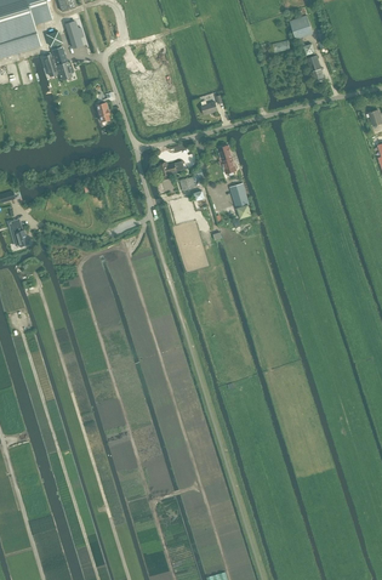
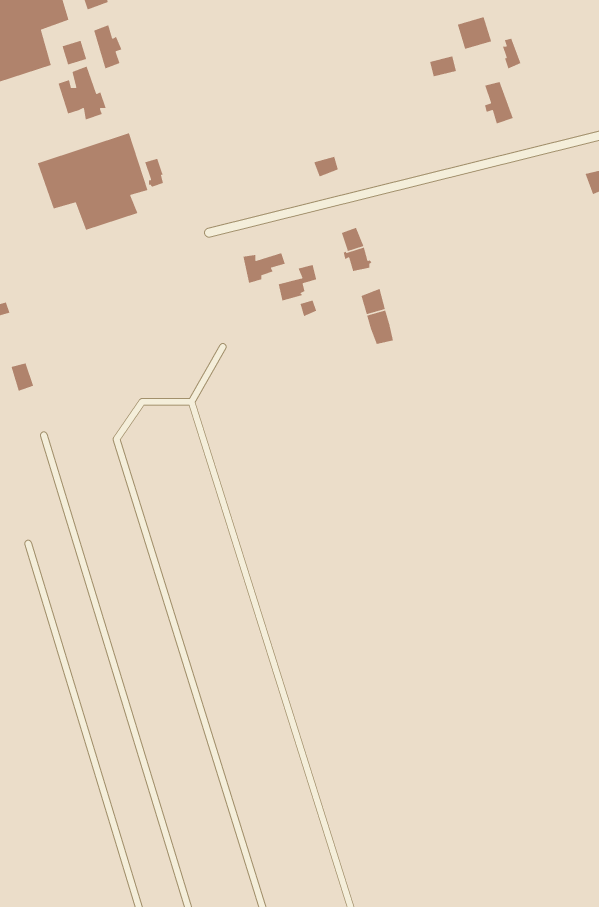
building: none -> [37,132,149,231]

